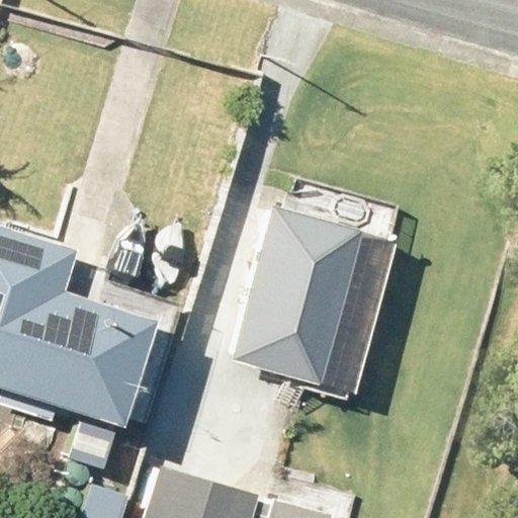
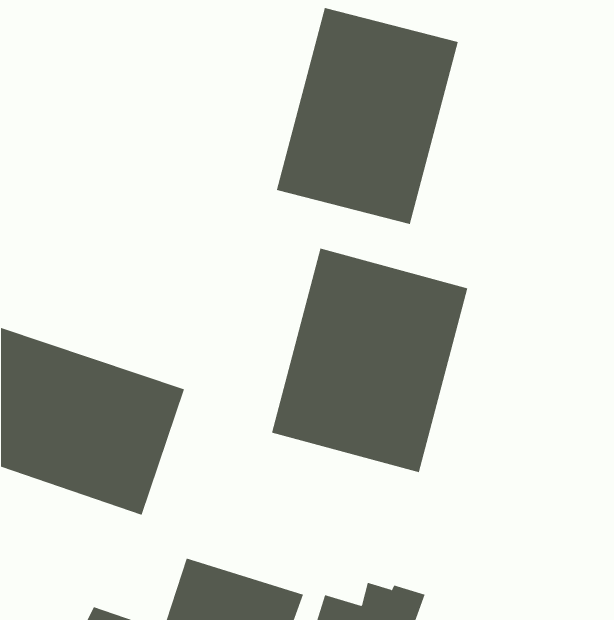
building: none -> [276,7,459,225]

